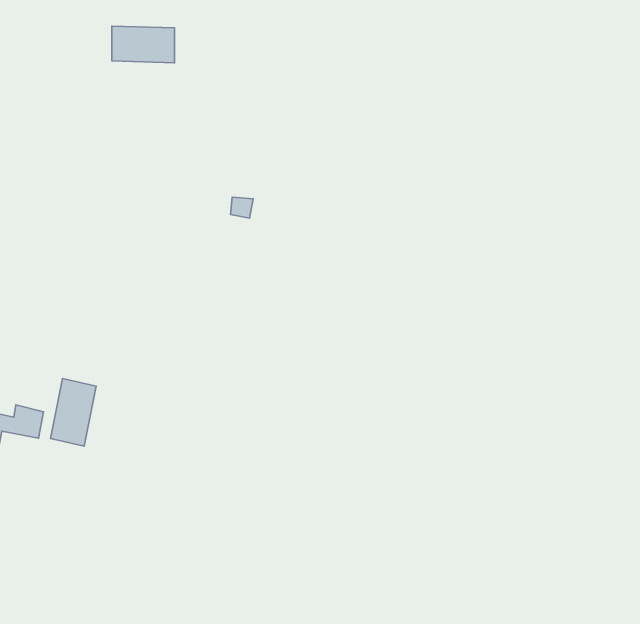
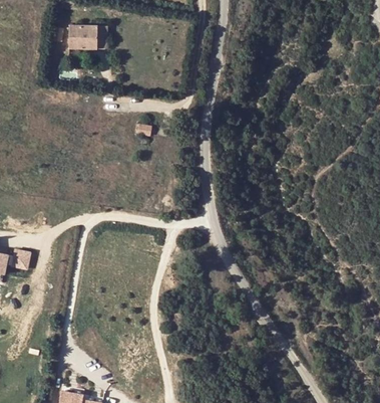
building: [50,378,96,446] -> none

